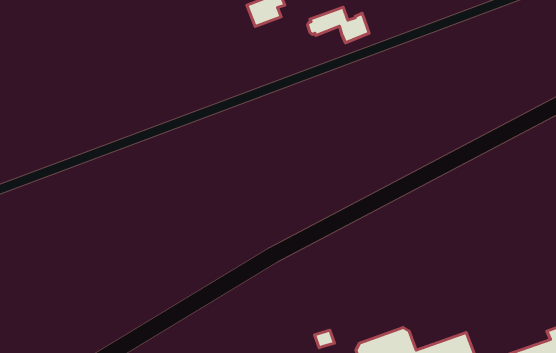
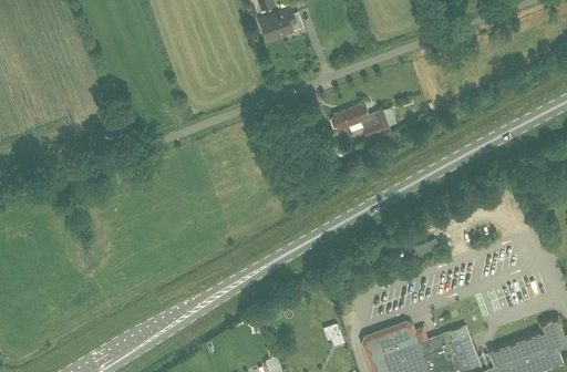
building: [308,7,369,43] -> [331,104,389,137]

